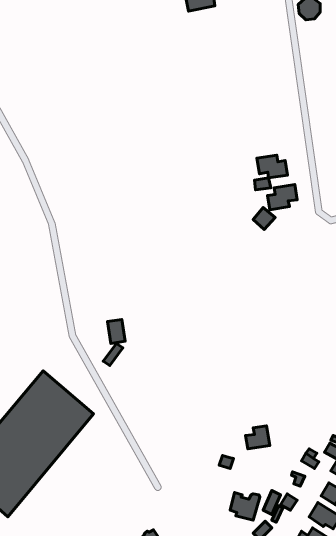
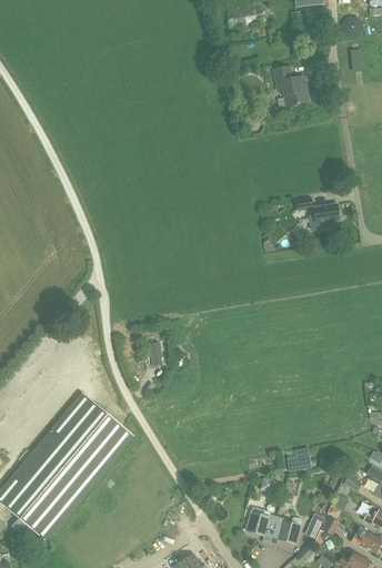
building: none -> [274,65,305,105]
building: [257,155,288,178] -> none
building: none -> [245,506,275,534]

